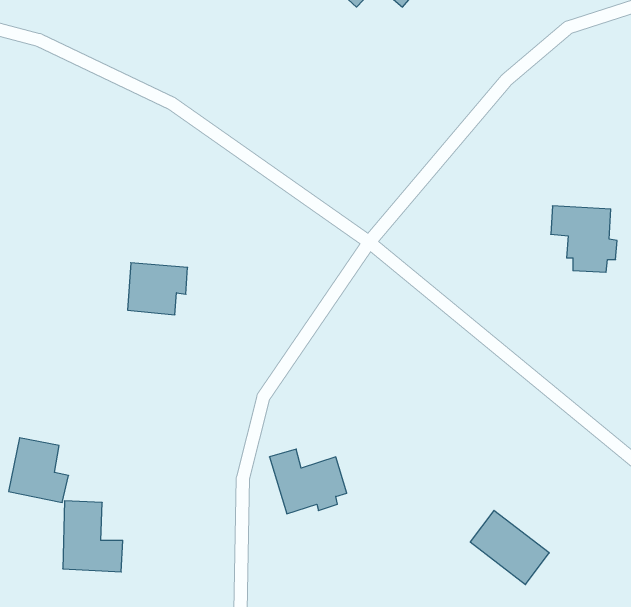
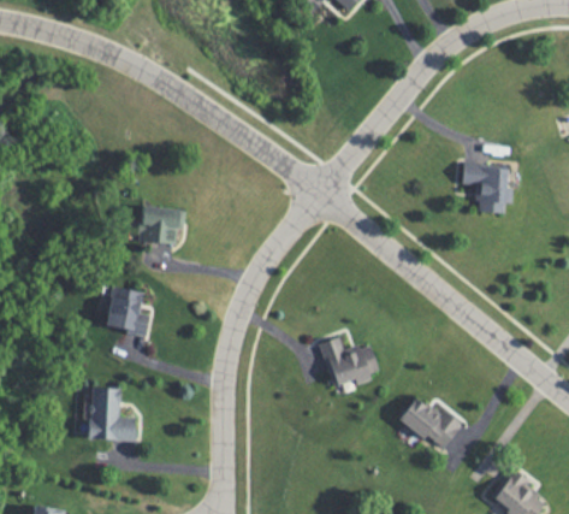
building: [9,438,69,502] -> [105,285,150,335]
building: [269,449,347,514] -> [320,336,379,385]

